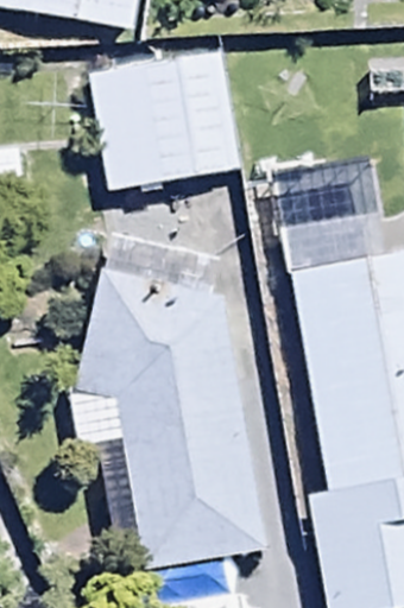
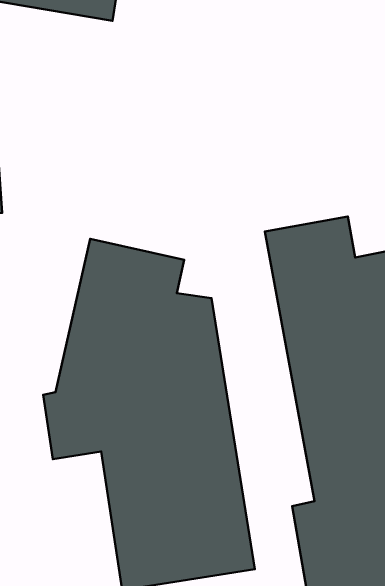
building: [88,52,240,186] -> none

